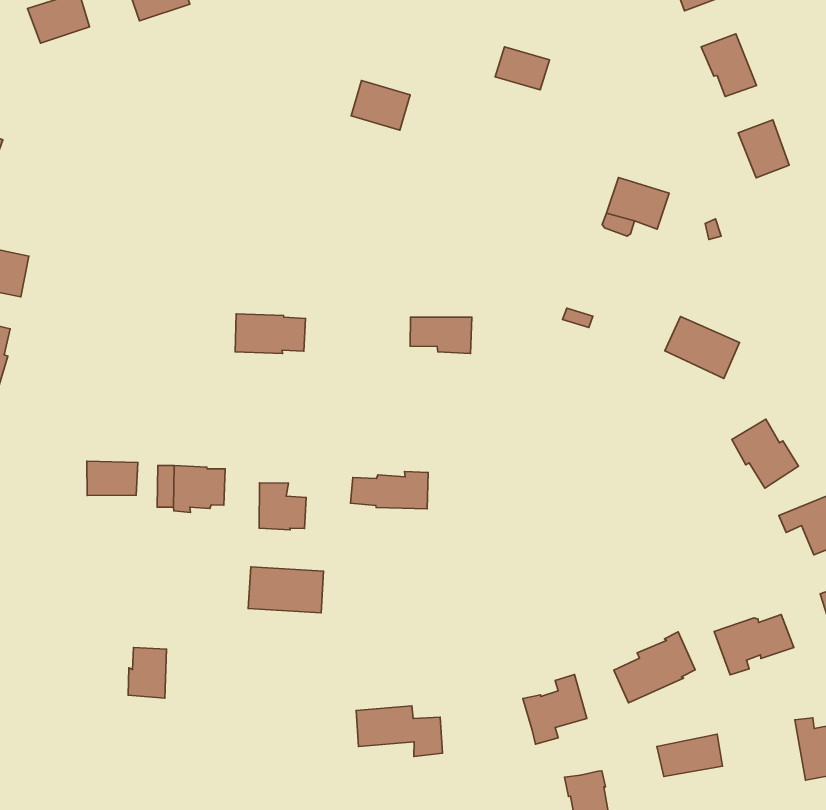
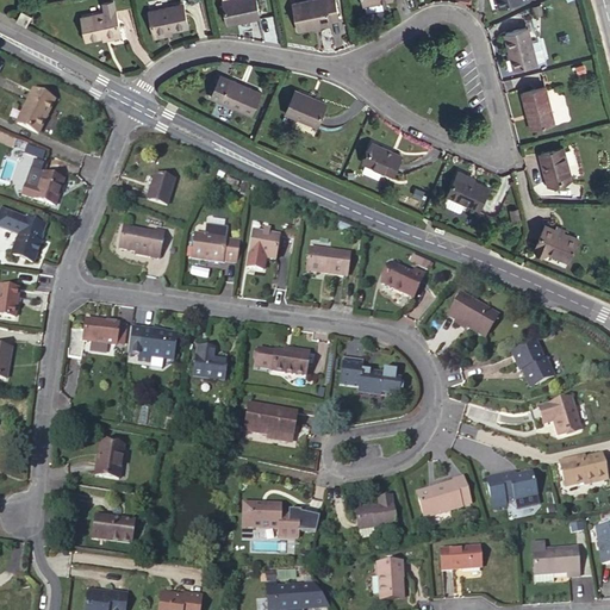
building: [495,47,549,90] -> [365,141,402,172]
building: none -> [211,71,261,112]
building: none -> [147,172,175,204]
building: none -> [535,222,579,257]
building: none -> [250,228,279,259]
building: [665,317,740,379] -> [448,292,498,336]
building: none -> [119,225,163,257]
building: none -> [382,261,424,297]
building: none -> [340,360,384,394]
building: [248,567,324,613] -> [244,402,297,437]
building: none -> [99,515,135,541]

